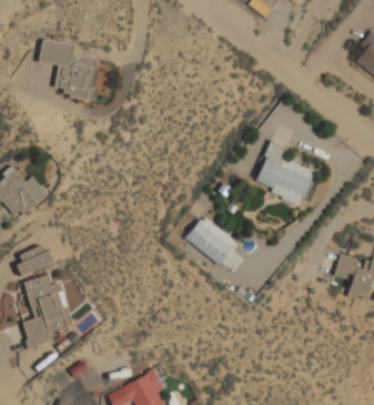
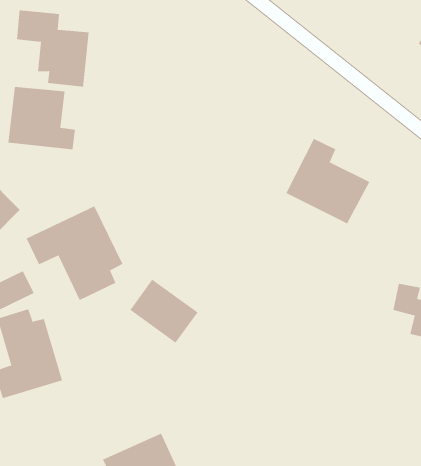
building: none -> [8,86,75,150]
building: none -> [26,205,123,301]
building: [185,214,240,265] -> [129,279,198,344]

